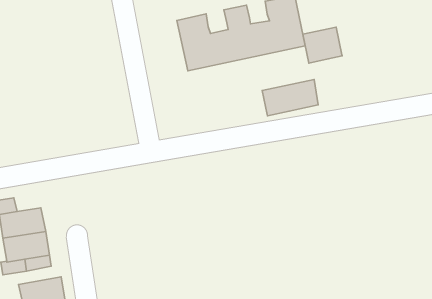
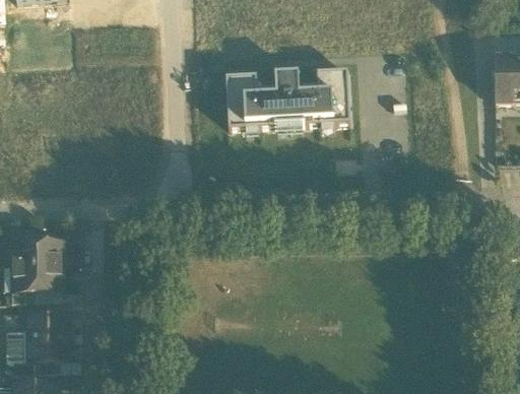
building: [303,27,342,63] -> none
building: [262,80,318,116] -> none

